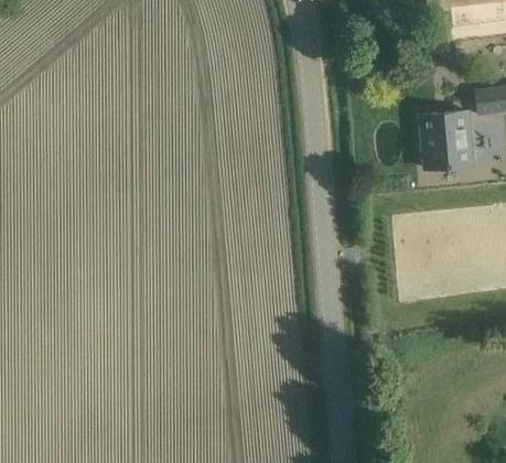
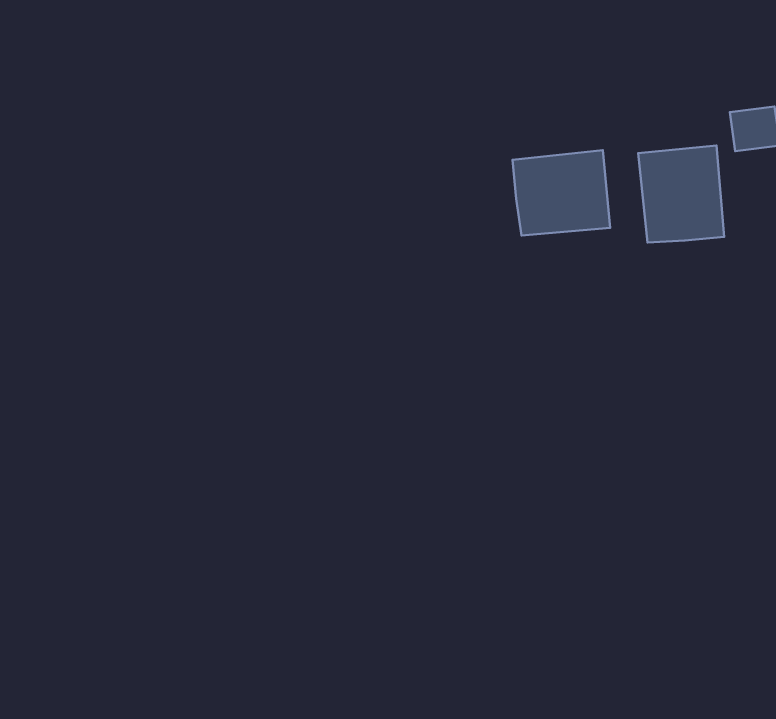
building: none -> [512,150,610,235]

